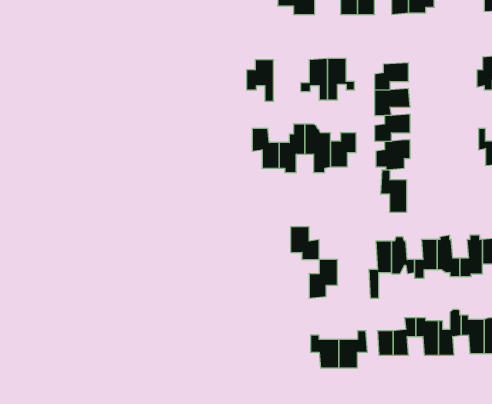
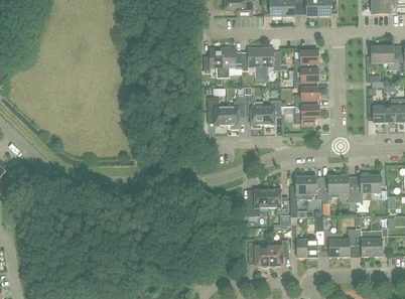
building: none -> [222,46,241,78]
building: [381,170,406,212] -> none
building: [291,227,319,260] -> [267,189,287,212]

